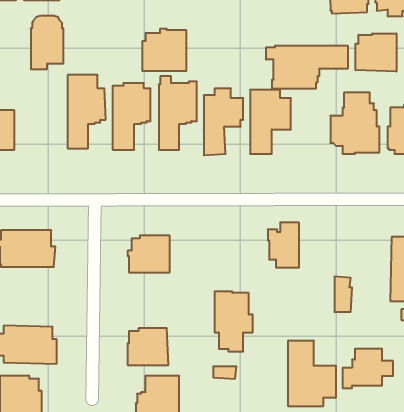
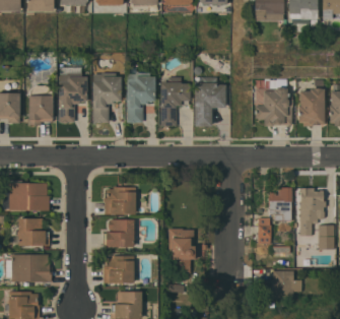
building: [31,16,63,69] -> [28,86,53,126]
building: [142,29,186,71] -> none
building: [356,33,396,72] -> none
building: [266,46,348,89] -> none
building: [268,223,299,268] -> [268,188,291,221]
building: none -> [18,218,50,246]
building: none -> [103,219,134,247]
building: [288,340,336,406] -> none

